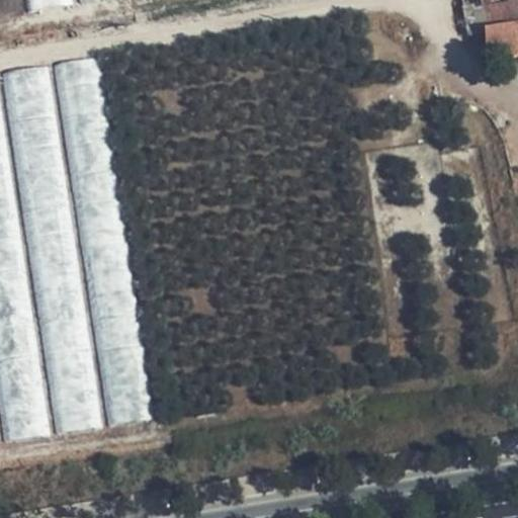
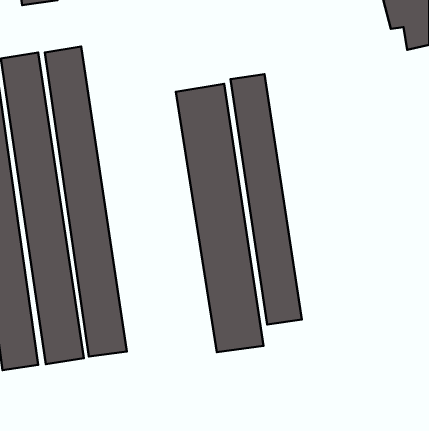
building: none -> [231,74,302,324]
building: none -> [176,84,263,352]

